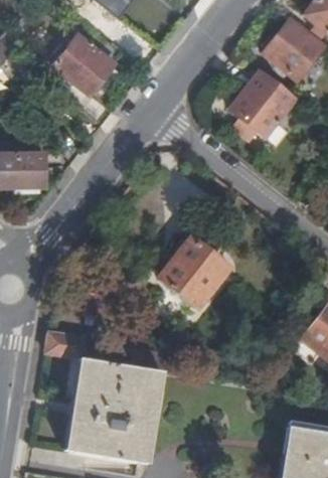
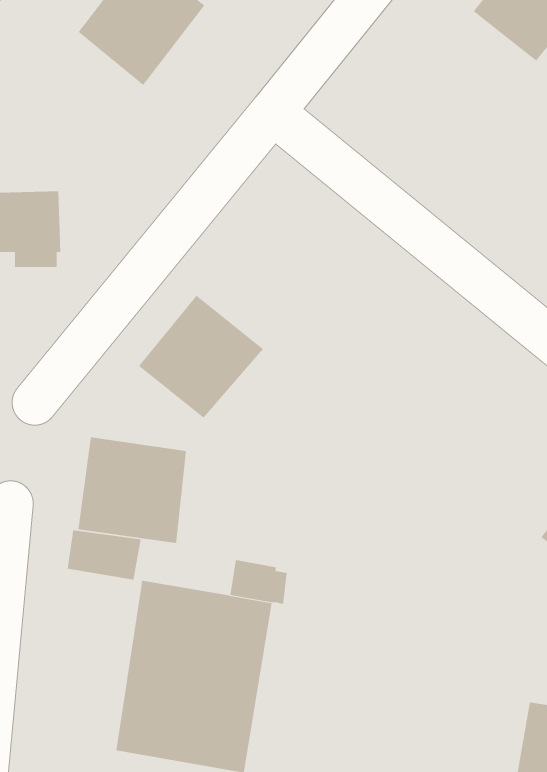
building: [232,72,296,142] -> none
building: [162,240,229,306] -> [138,295,264,418]
building: none -> [78,436,187,544]

